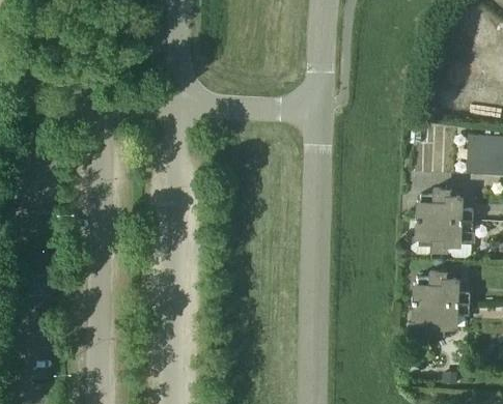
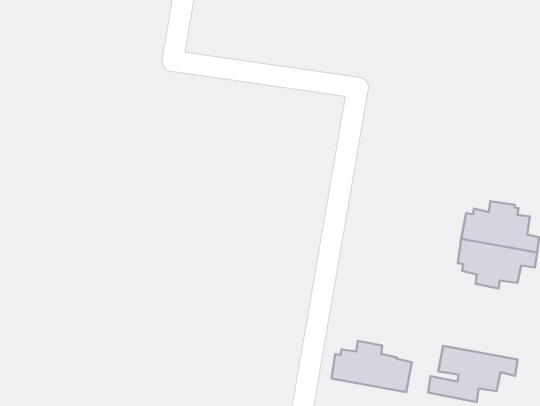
building: [413,271,471,305] -> [332,341,412,392]

